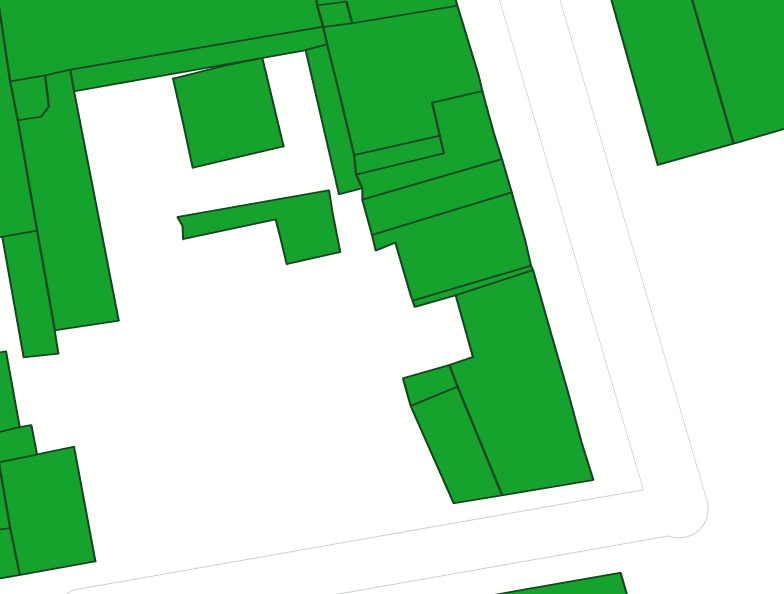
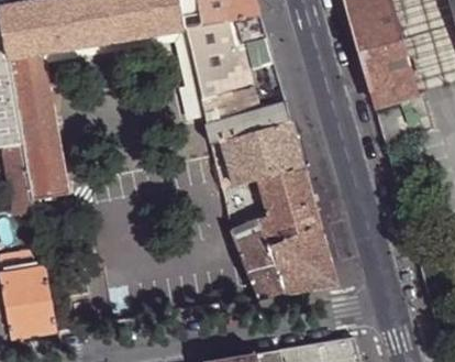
building: [173,58,284,168] -> none
building: [178,190,340,264] -> none

